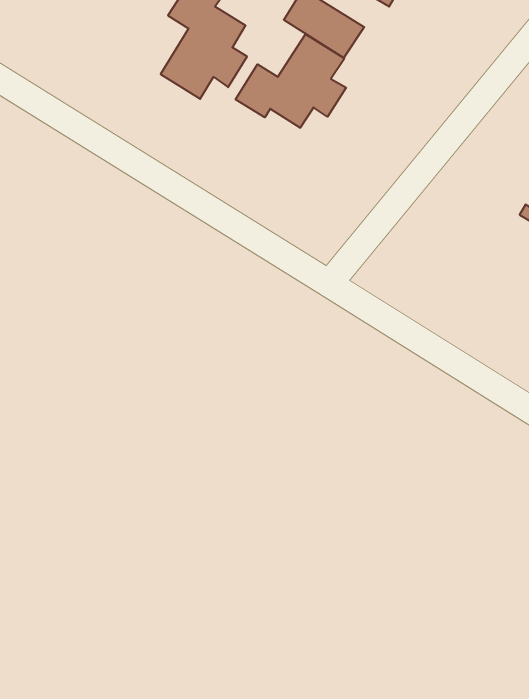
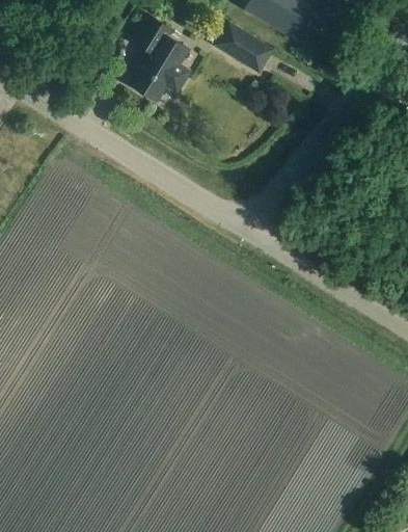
building: [236,34,346,128] -> none

